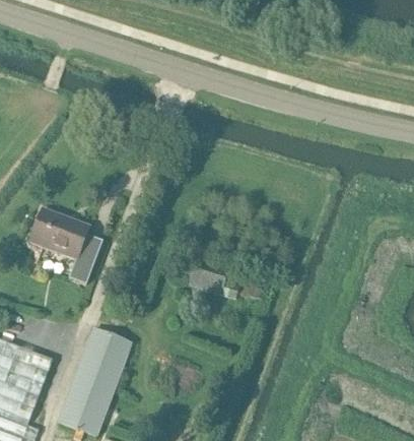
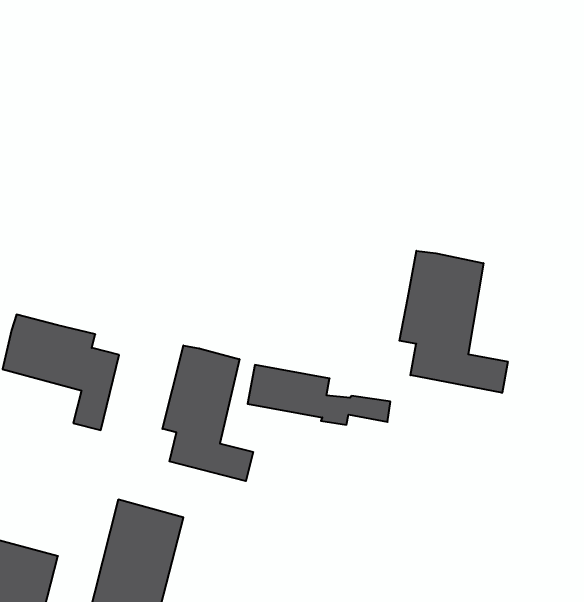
building: none -> [399,251,508,393]
building: none -> [162,345,253,481]

